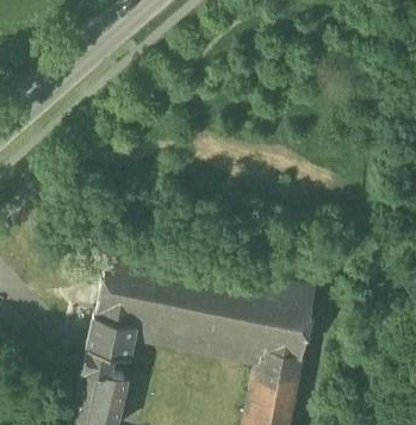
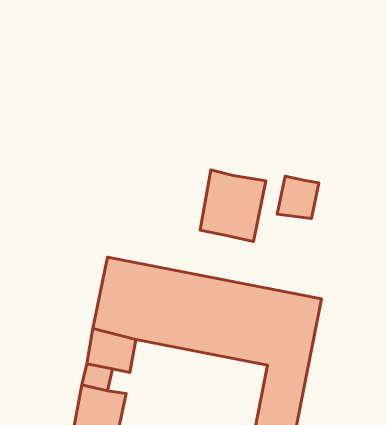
building: none -> [200,170,266,242]
building: none -> [277,176,319,218]

